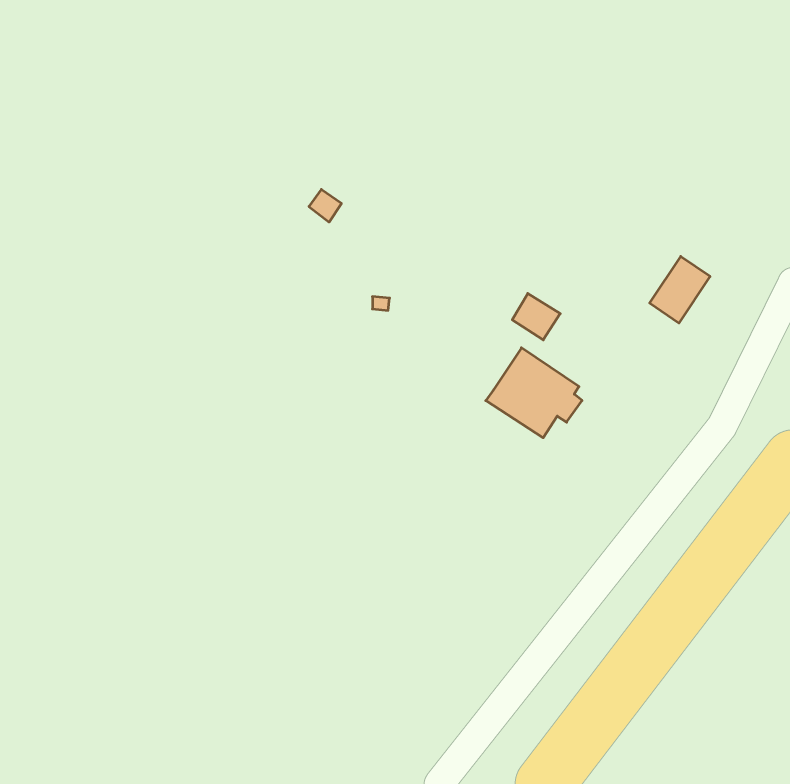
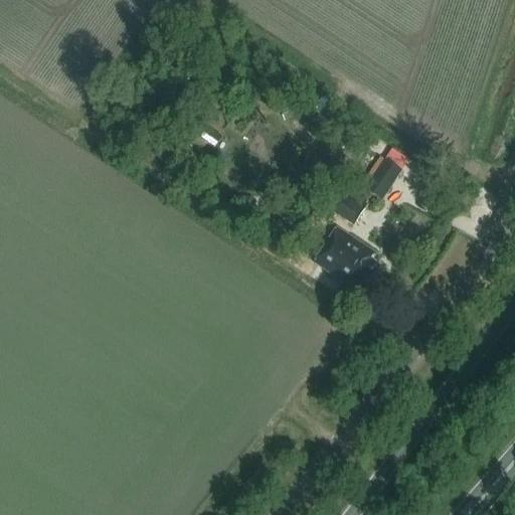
building: [650,256,710,323] -> [364,154,403,197]

